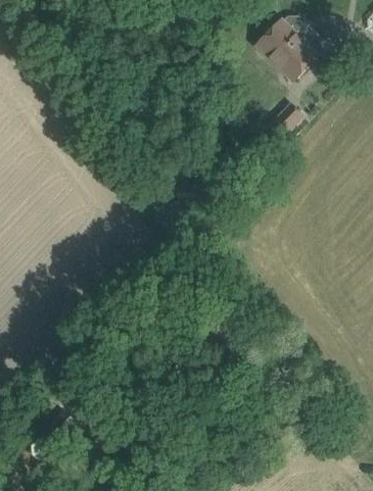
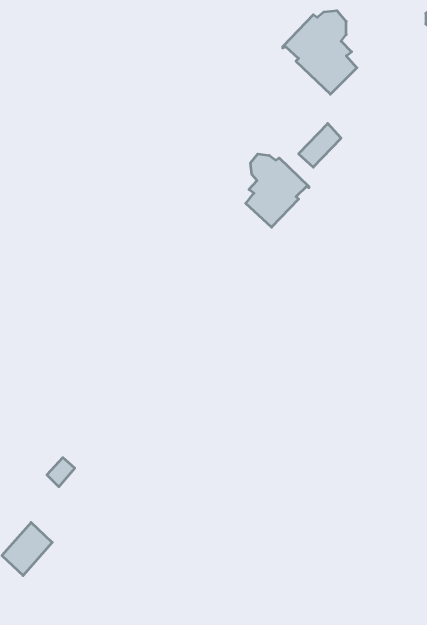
building: none -> [246,154,309,227]

